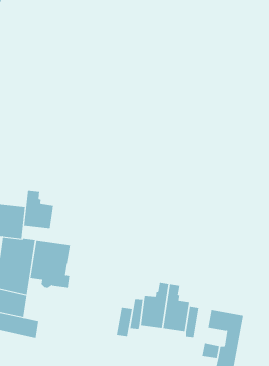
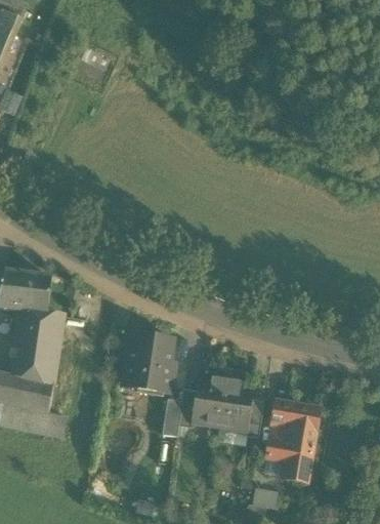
building: [23,190,53,229] -> none
building: [30,240,71,288] -> [125,332,176,392]

